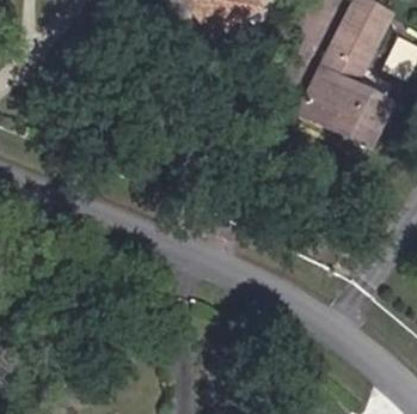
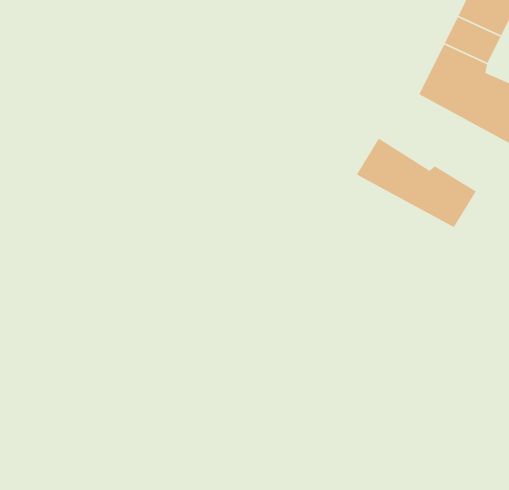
building: none -> [356,138,477,228]

